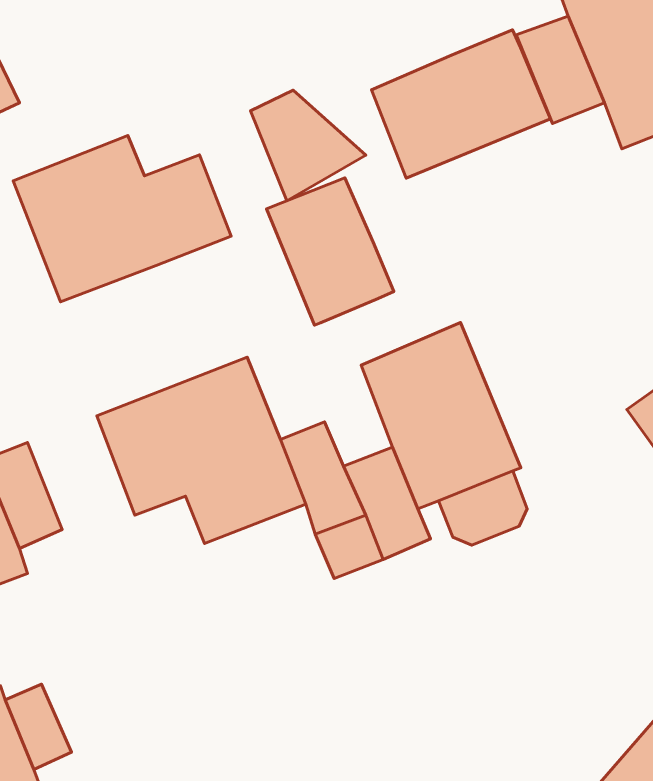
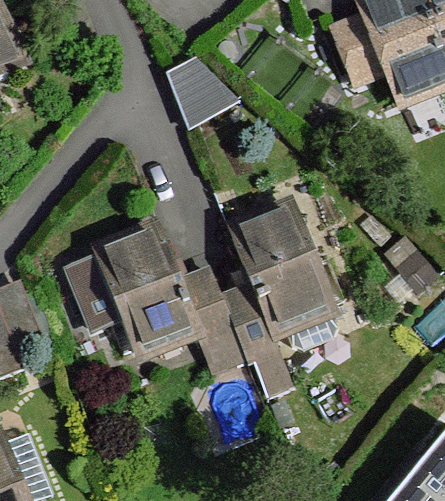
building: [371,30,550,178] -> none
building: [13,136,231,302] -> none
building: [266,178,394,325] -> none

